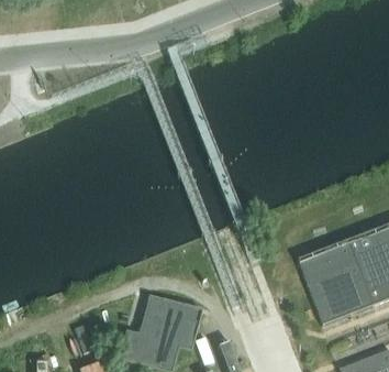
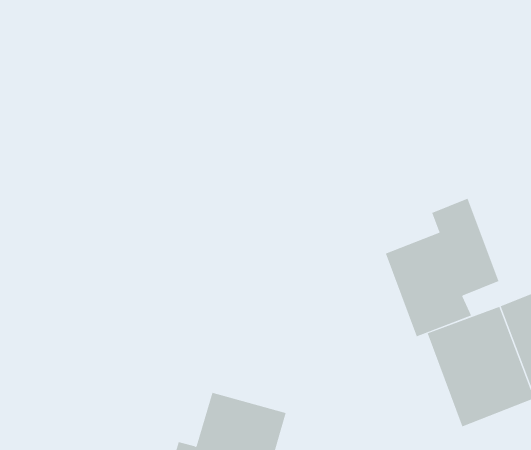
building: none -> [385,198,499,337]

